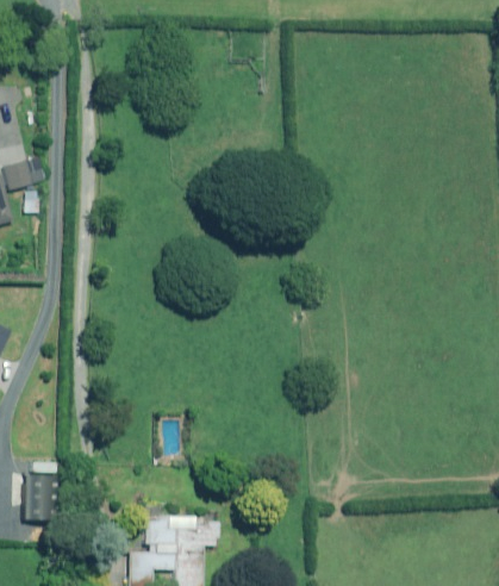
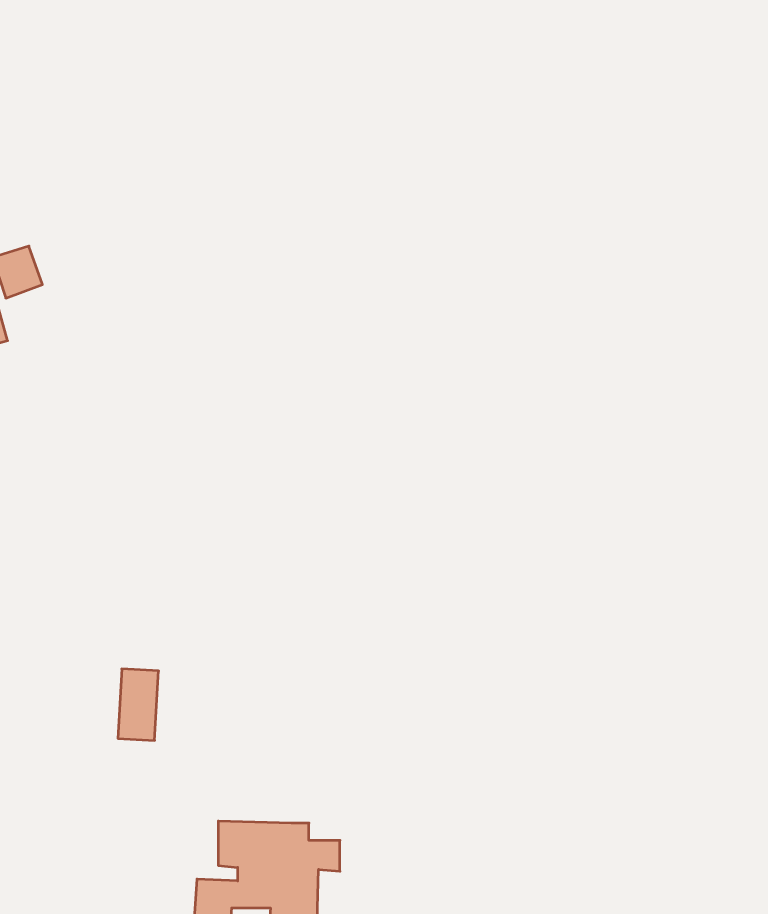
building: [24,474,49,518] -> [118,669,159,740]

